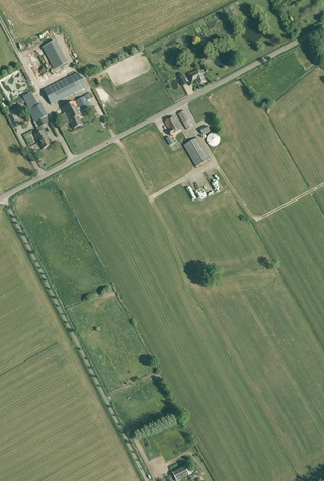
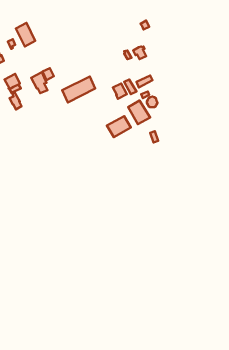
building: [44,71,85,103] -> [62,76,95,102]
building: none -> [107,116,131,137]

